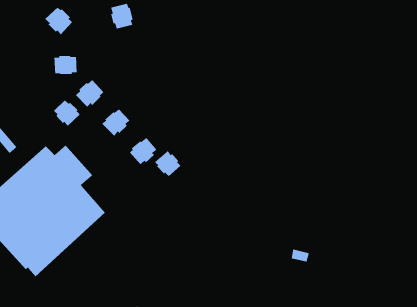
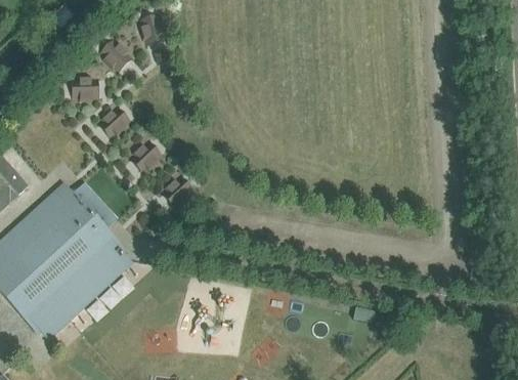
building: [45,7,73,35] -> [98,38,132,72]
building: [53,99,81,127] -> none
building: [154,150,181,177] -> none

